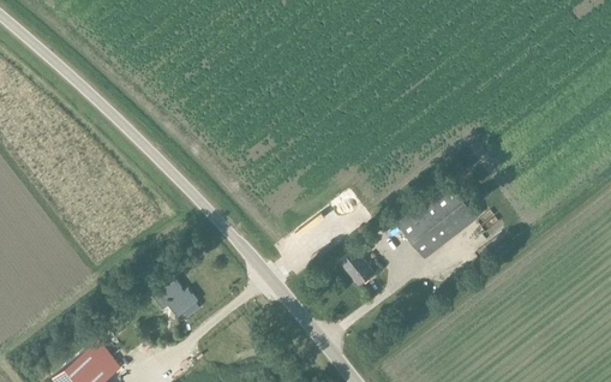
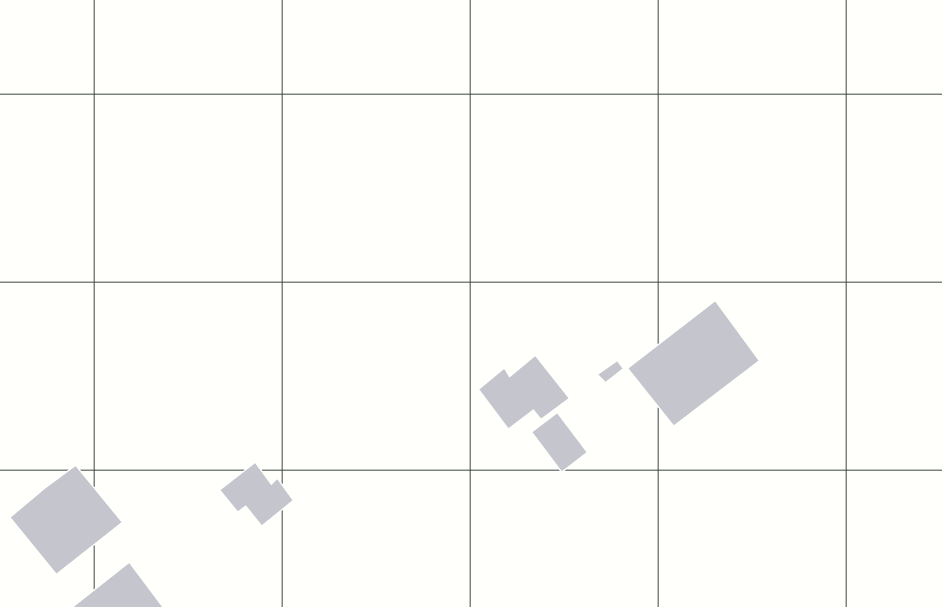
building: none -> [478,355,569,429]
building: none -> [10,465,122,574]

